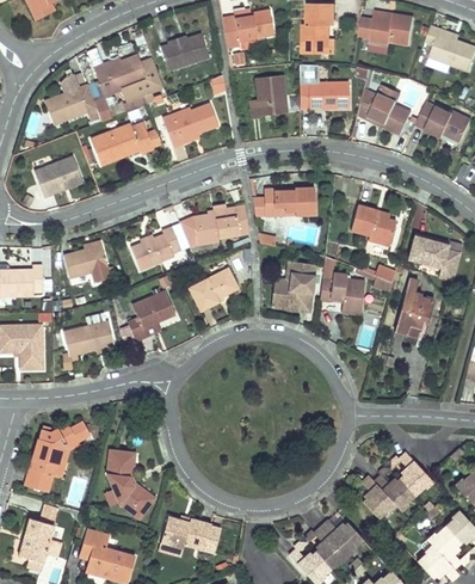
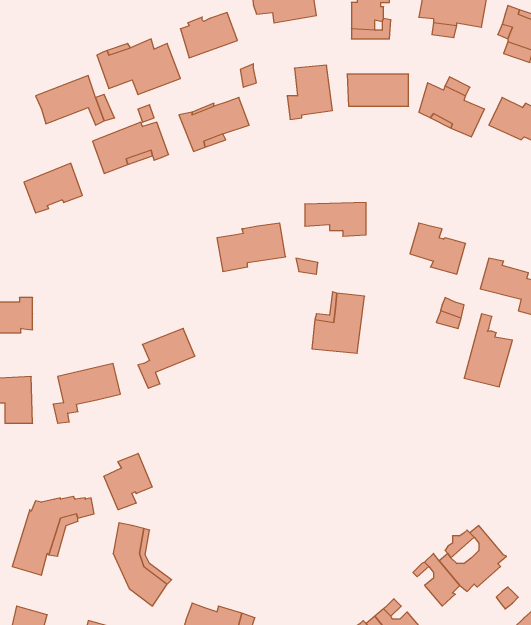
building: [131,225,181,270] -> none
building: [62,245,109,281] -> none
building: [189,266,237,308] -> none
building: [320,277,364,314] -> none
building: none -> [104,453,152,510]

